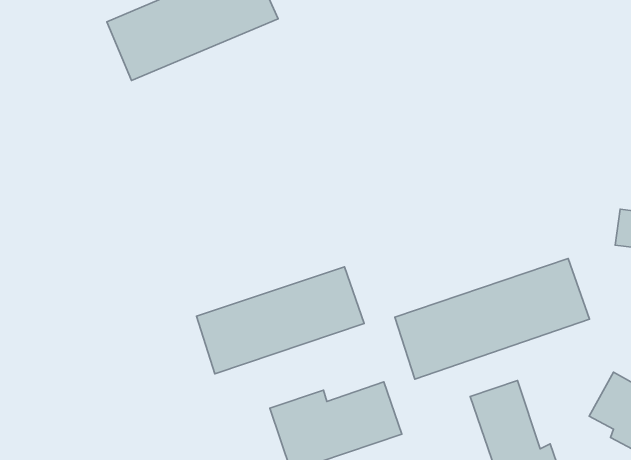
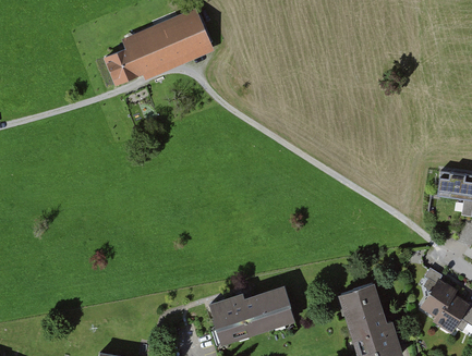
building: [395,258,590,379] -> none
building: [196,267,364,374] -> none

